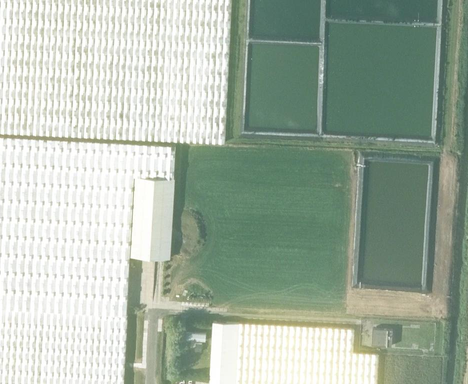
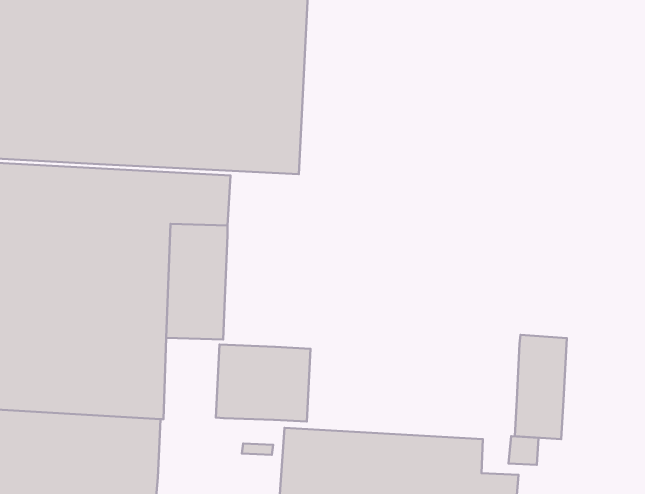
building: none -> [515,335,567,439]
building: none -> [216,345,310,422]

